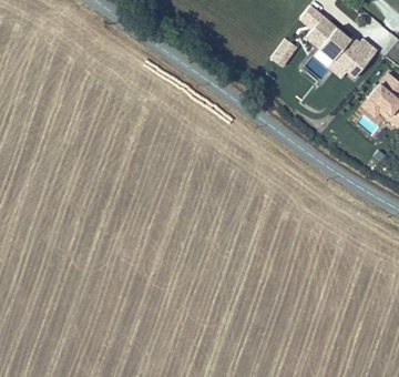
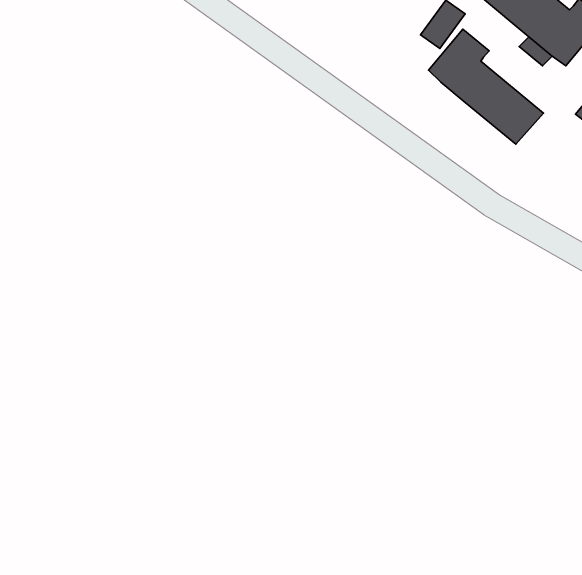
building: none -> [428,29,544,144]

